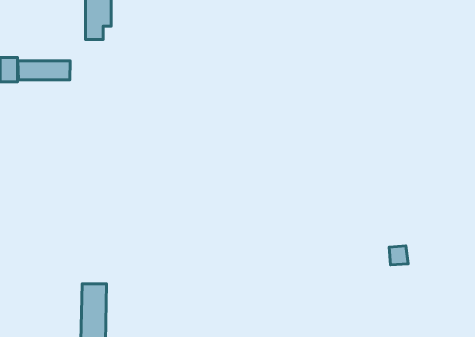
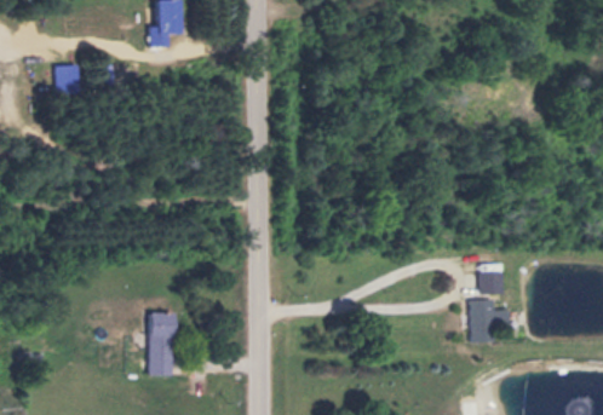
building: [18,61,70,80] -> none
building: none -> [470,300,507,341]

